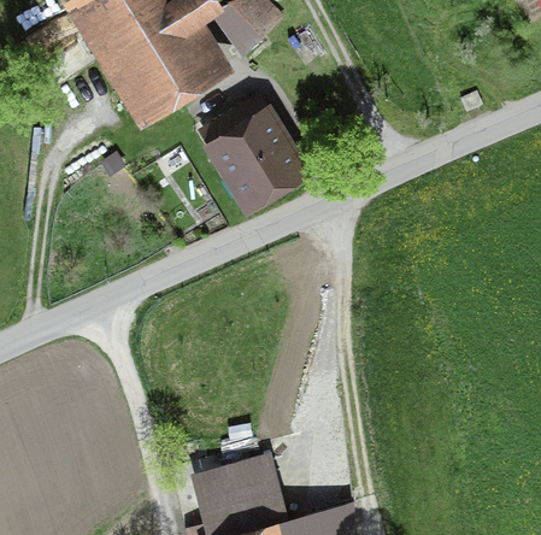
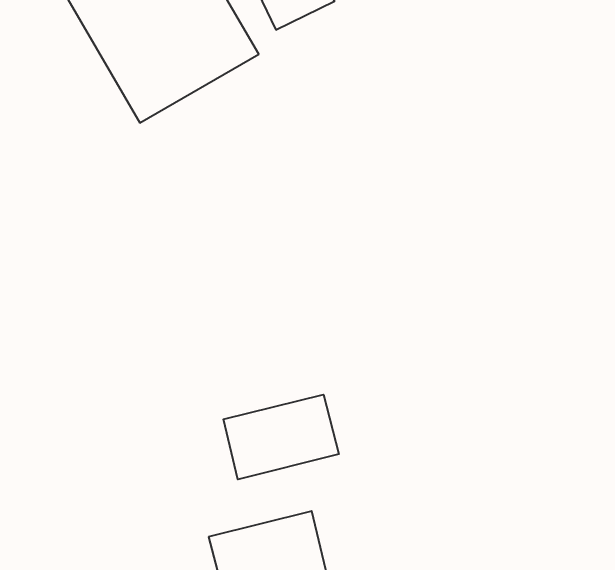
building: [204,102,311,214] -> none
building: none -> [223,395,339,479]

